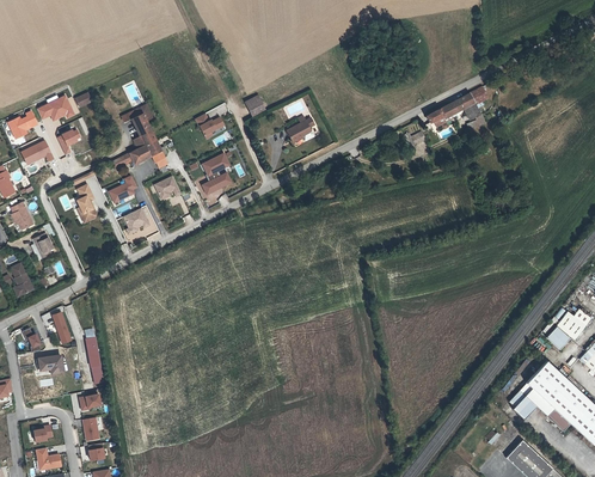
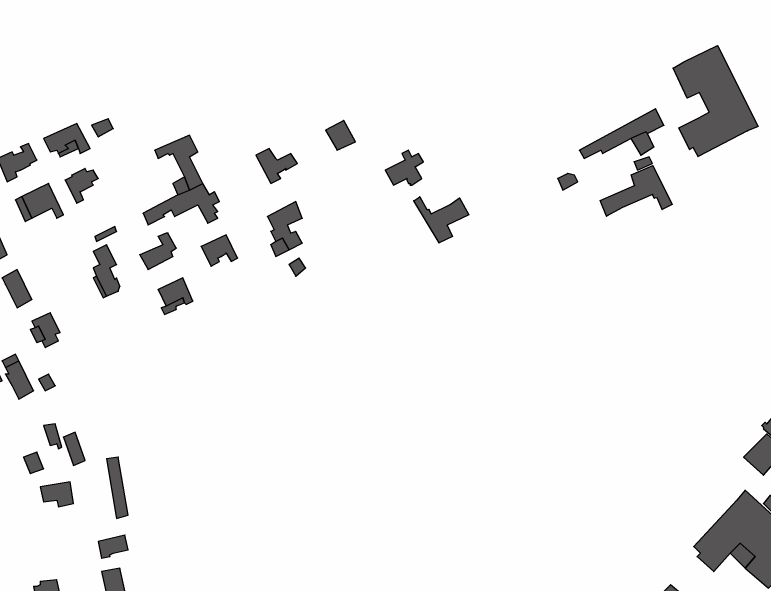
building: none -> [673,46,758,157]
building: none -> [600,166,672,216]
building: none -> [414,197,469,243]

